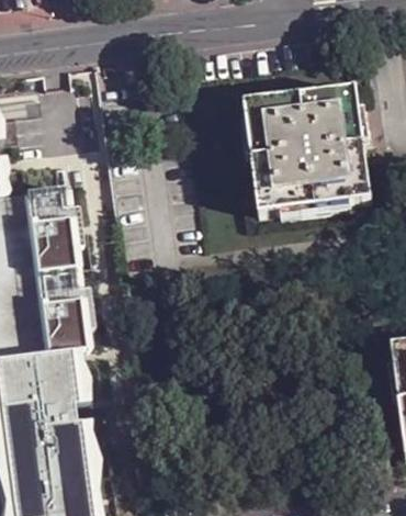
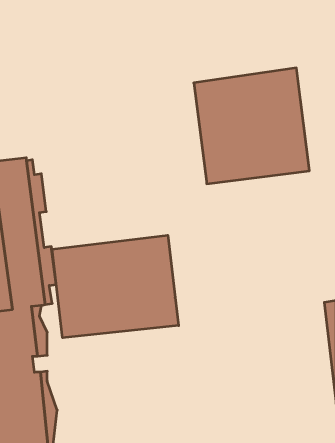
building: none -> [52,235,179,338]

